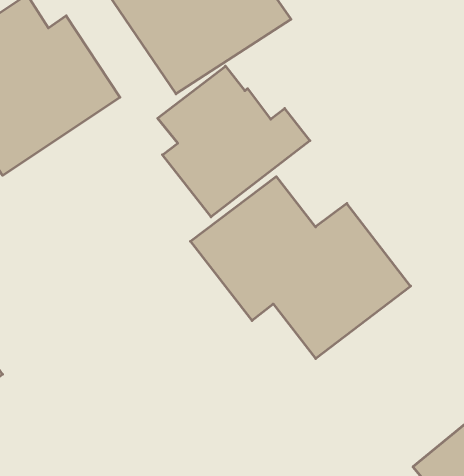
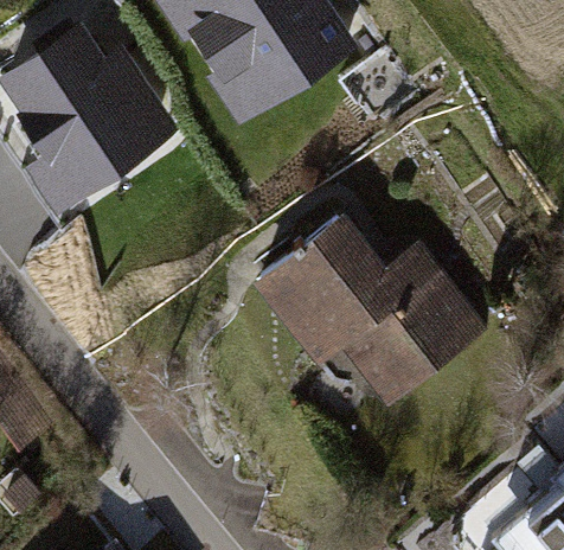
building: [158,66,310,217] -> none

